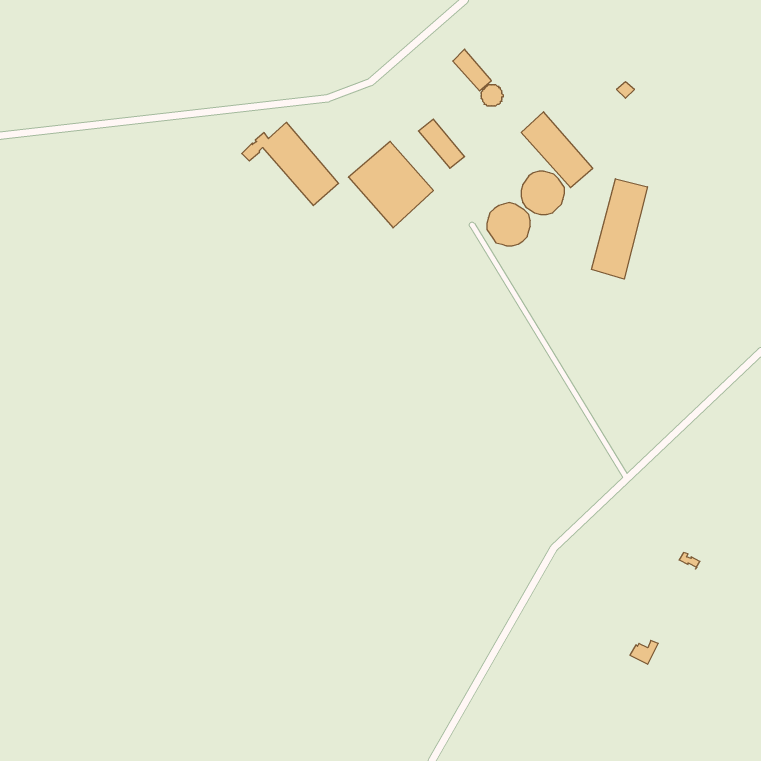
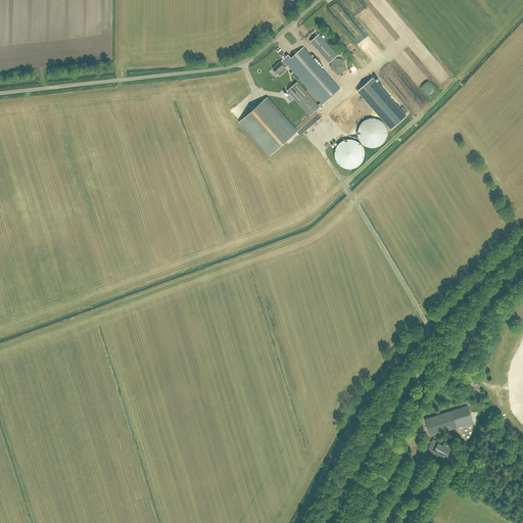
building: [242,122,339,206] -> [273,47,339,104]
building: [592,179,647,279] -> none
building: none -> [431,409,468,433]

